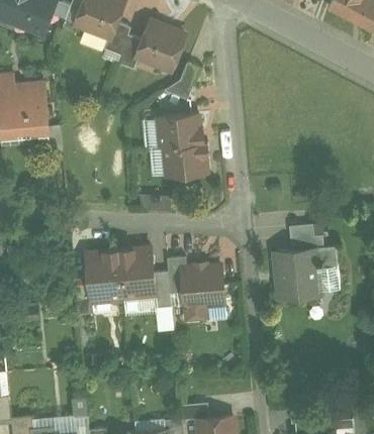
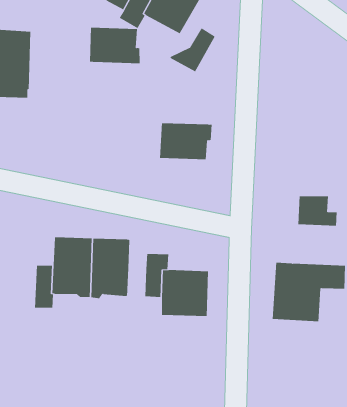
building: [158,113,204,146] -> [89,27,140,64]
building: [288,223,323,250] -> [297,196,337,226]
building: [153,272,171,309] -> none

